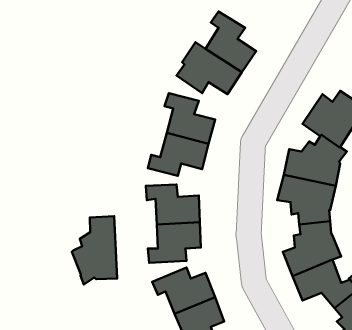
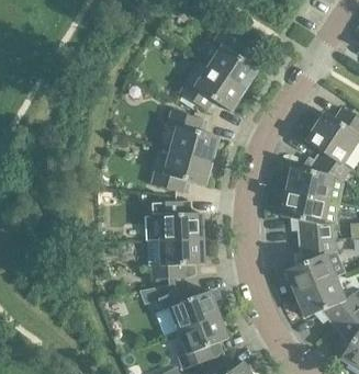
building: [72,216,117,284] -> none

